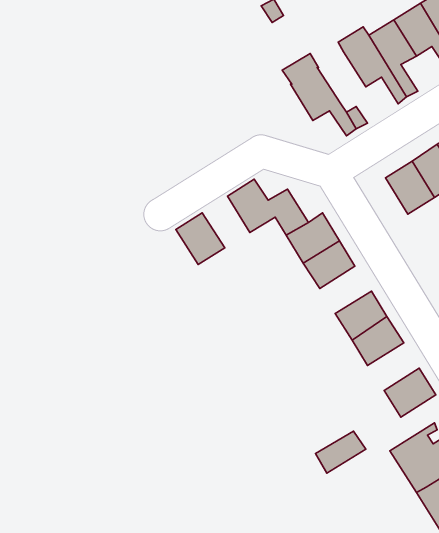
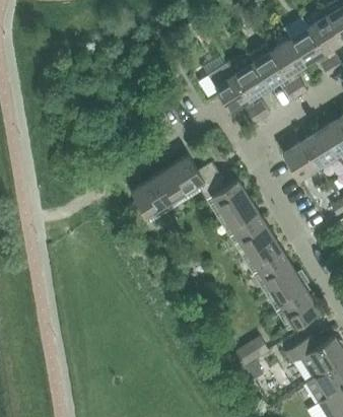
building: none -> [233,64,269,101]
building: none -> [150,168,185,206]
building: none -> [235,219,273,254]
building: none -> [270,275,307,309]

